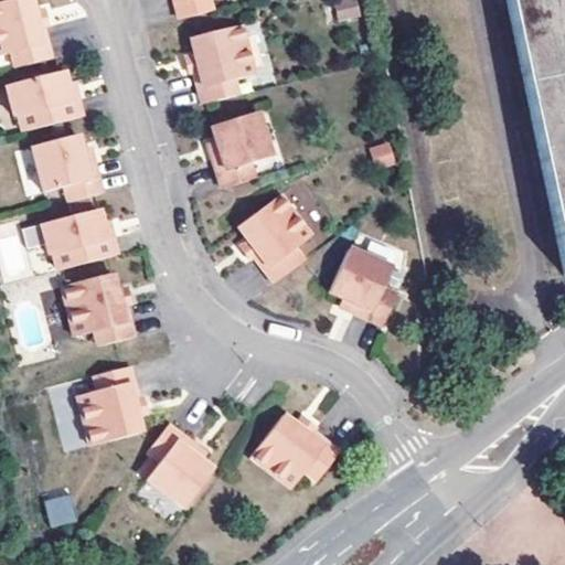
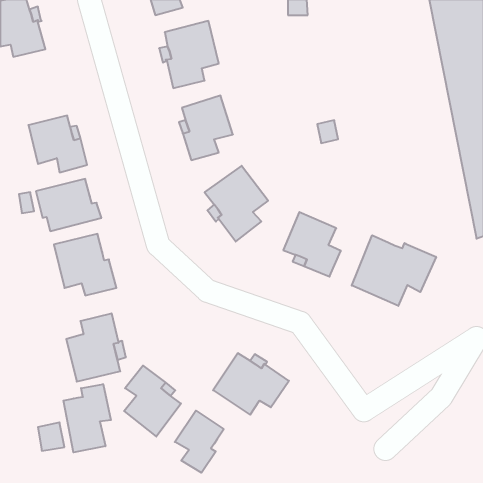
building: [8,70,84,130] -> none
building: none -> [352,235,436,306]
building: none -> [63,384,111,452]
building: none -> [175,411,224,473]

